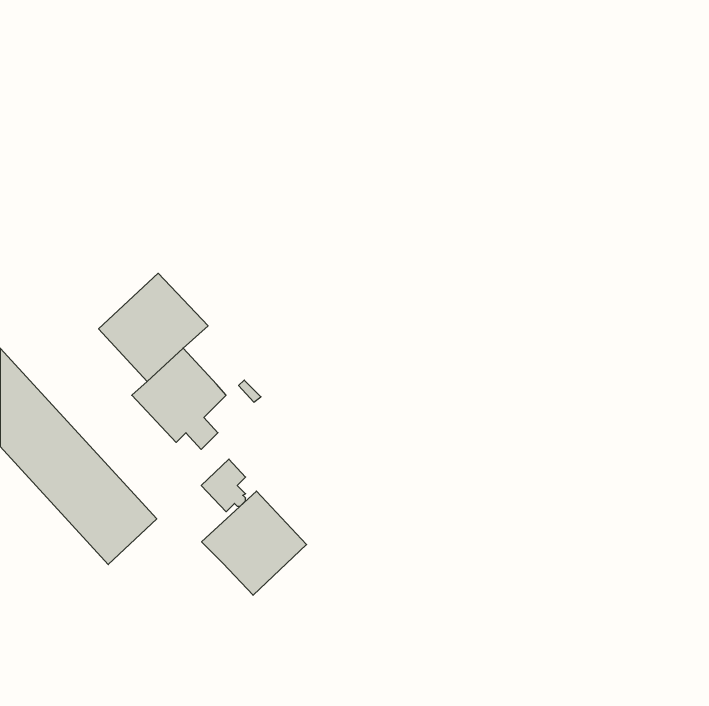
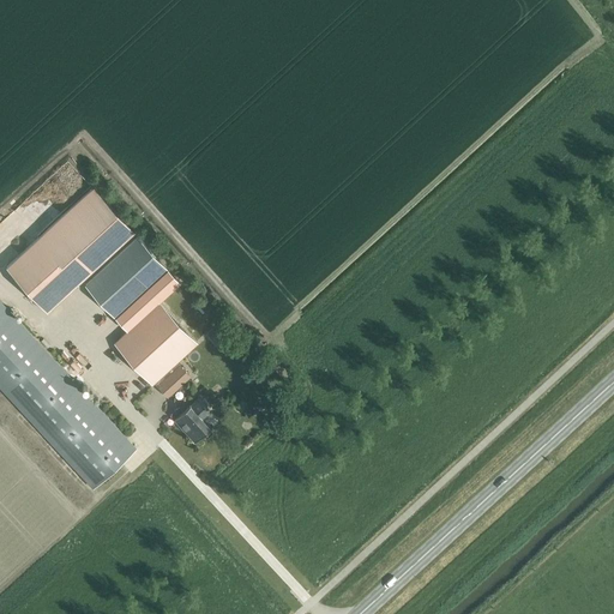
building: none -> [5,191,132,313]
building: [202,491,307,595] -> none

